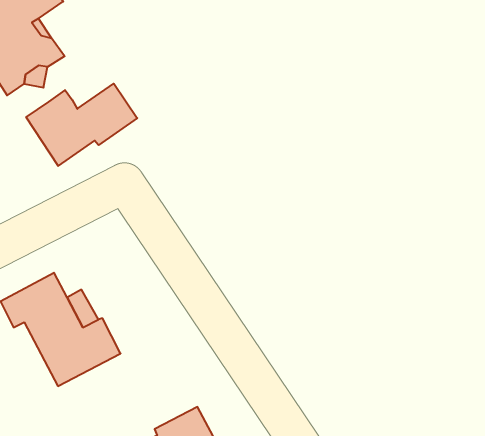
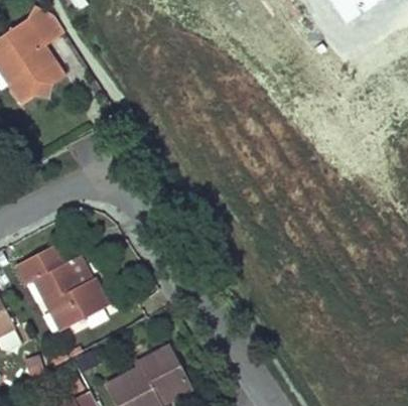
building: [26,84,137,166] -> none

